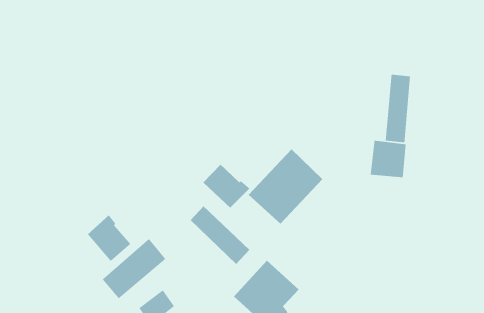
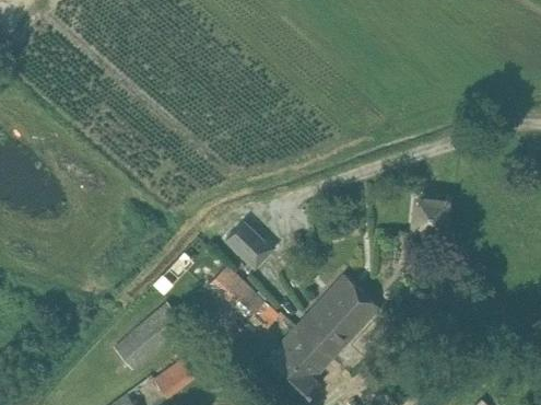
building: [385,74,411,143] -> none
building: [248,149,323,225] -> [296,274,379,358]
building: [87,214,131,262] -> none

